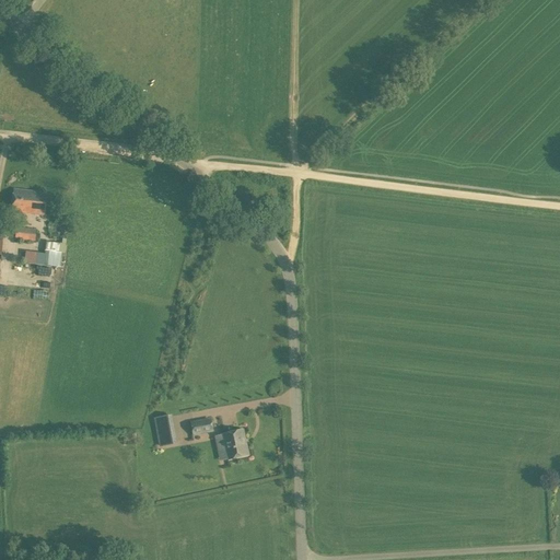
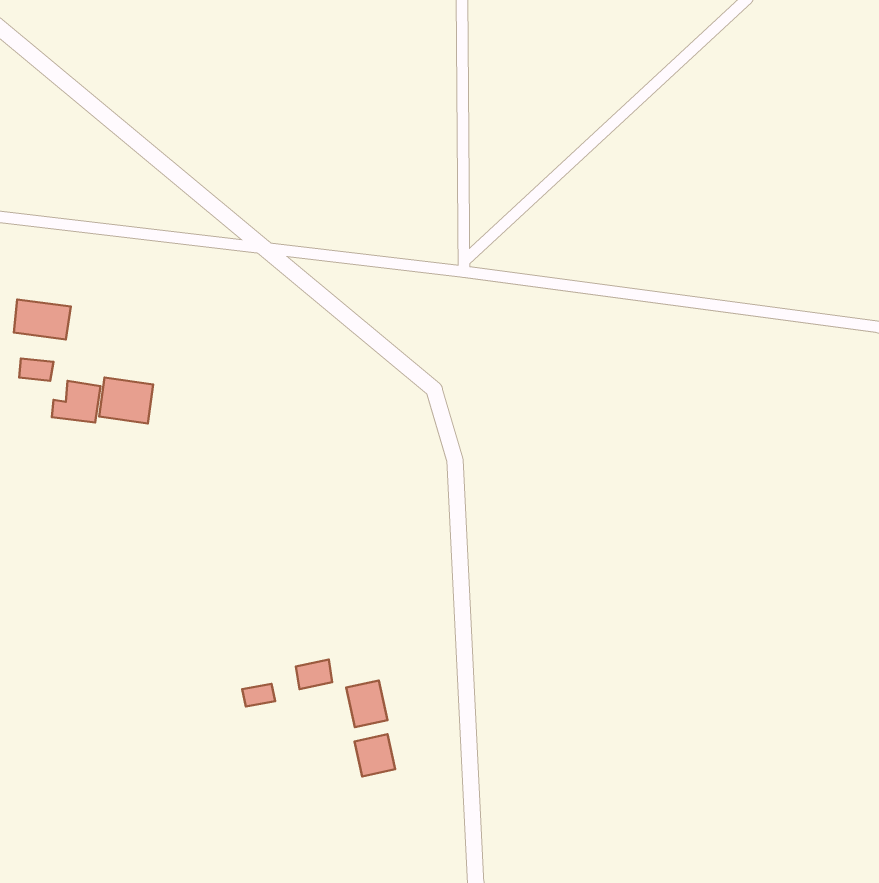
building: none -> [99,378,153,424]
building: none -> [354,734,395,777]

